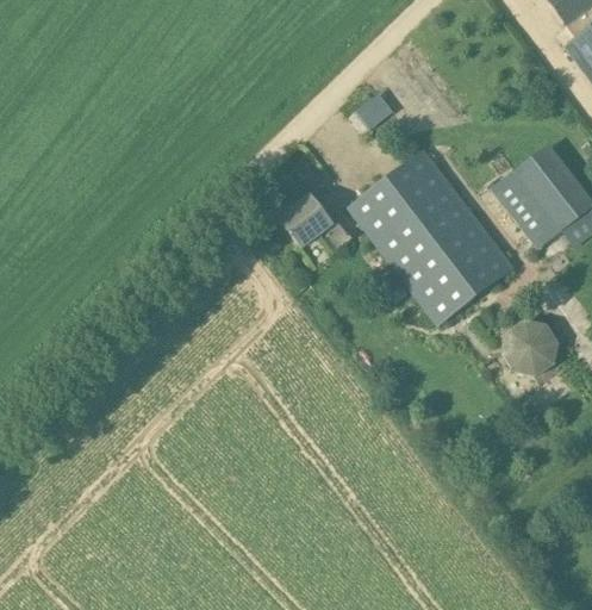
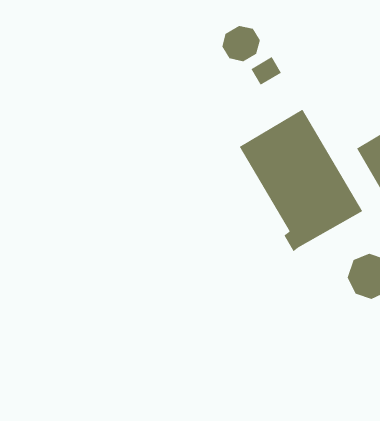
building: none -> [222,25,260,62]
building: [280,194,353,251] -> none

